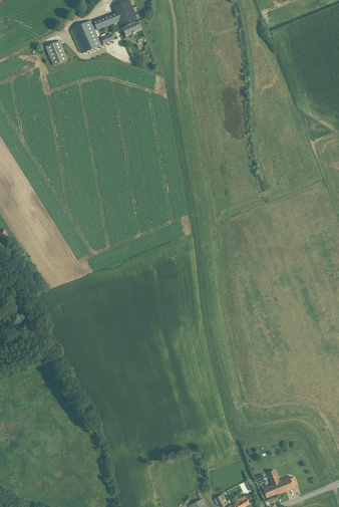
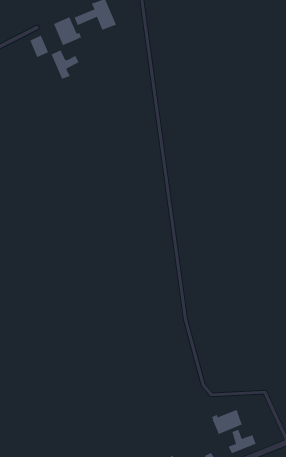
building: none -> [51,50,79,79]
building: none -> [211,409,243,435]

